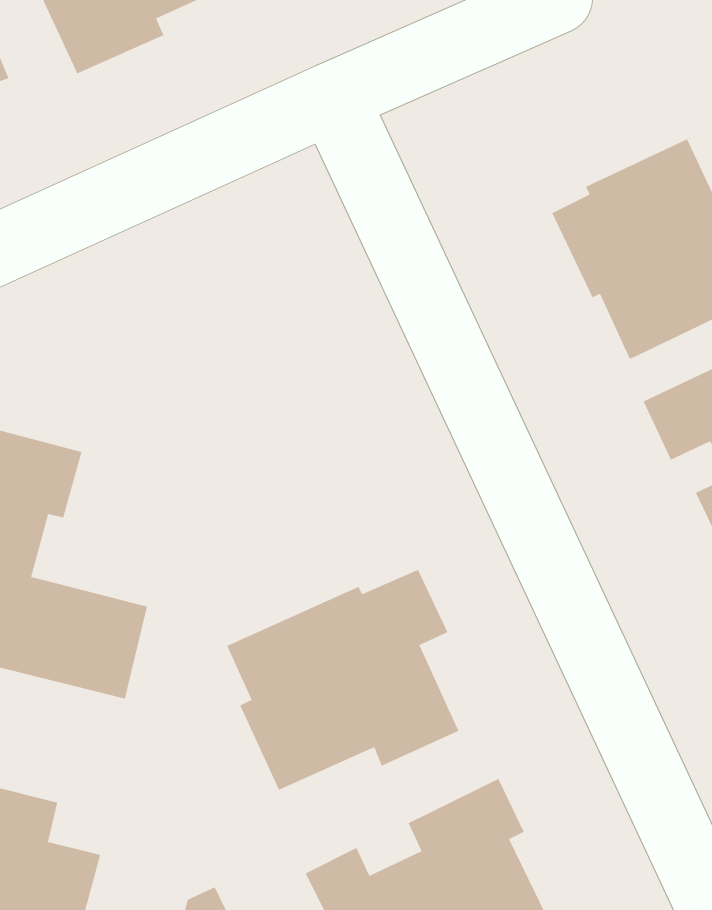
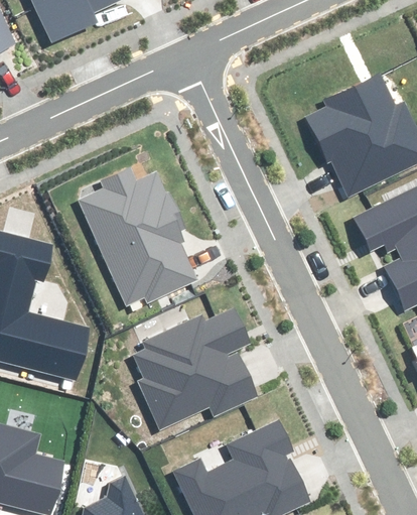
building: none -> [81,170,195,303]

